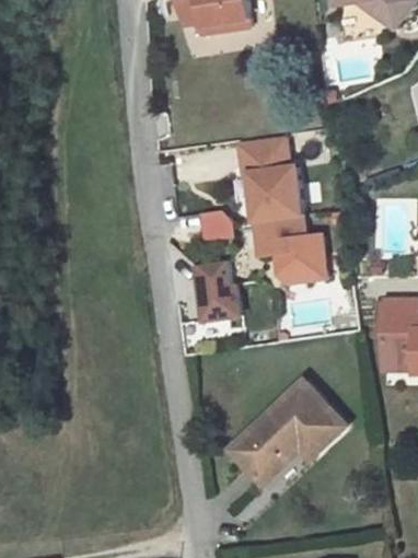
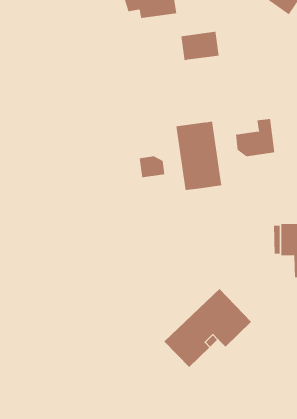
building: [239,136,289,174] -> [180,31,220,61]
building: [279,233,330,282] -> [235,119,275,157]
building: [194,261,239,323] -> none

